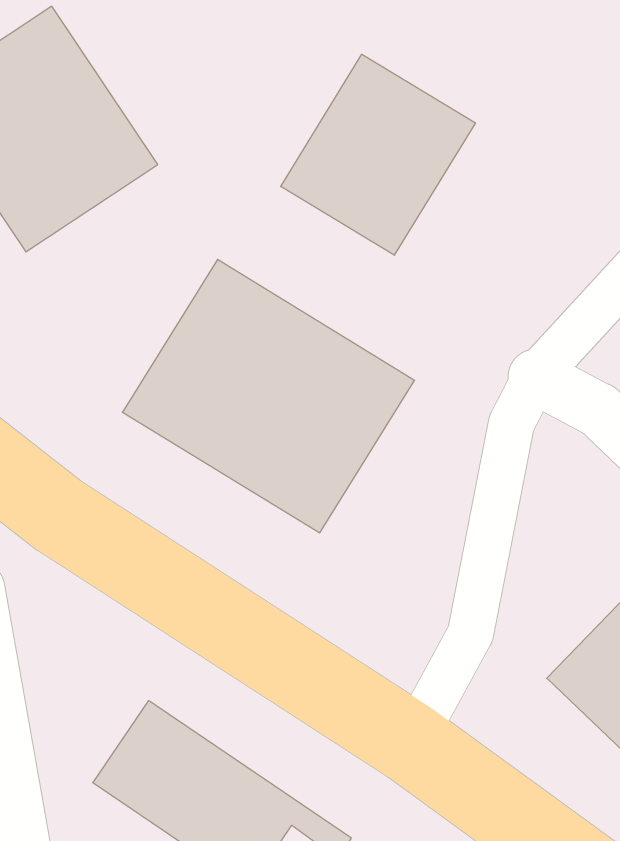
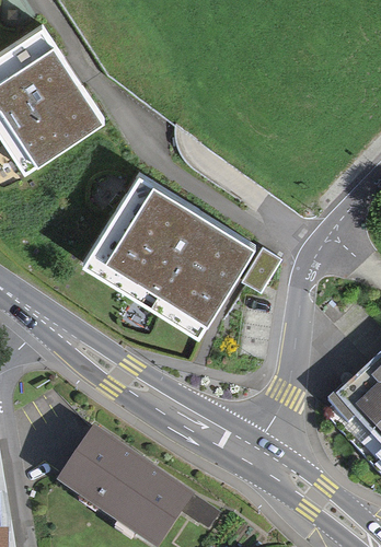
building: [281,54,475,255] -> none

